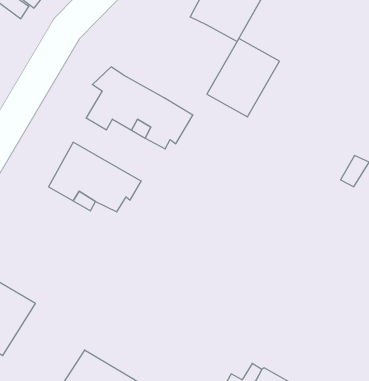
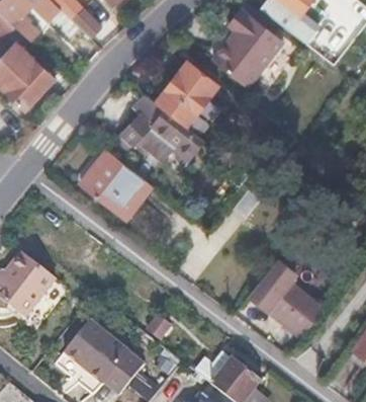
building: [207,38,279,117] -> [154,61,216,126]
building: none -> [267,284,322,338]

